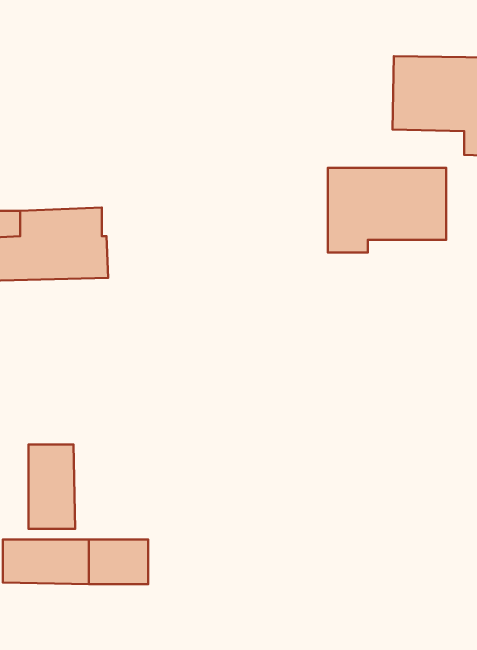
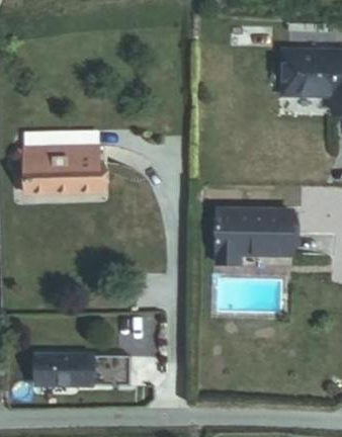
building: [328,168,446,253] -> [217,209,291,263]
building: [28,444,75,529] -> none

